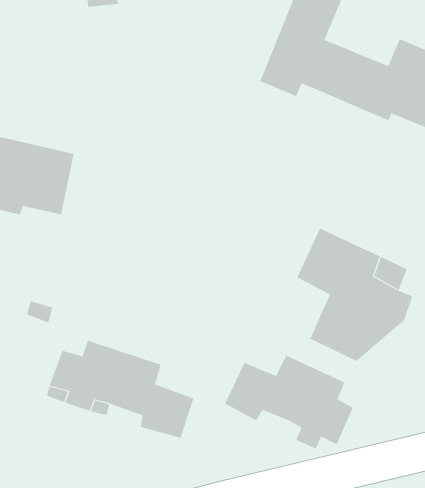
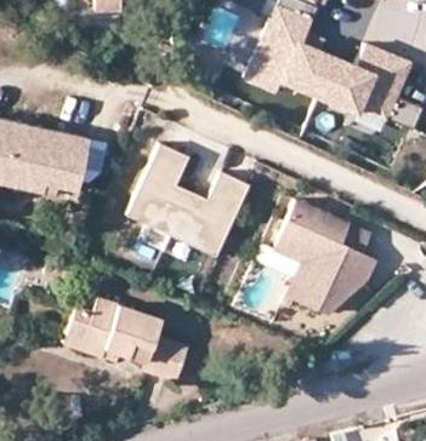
building: none -> [130,147,251,258]
building: [224,355,353,450] -> none

